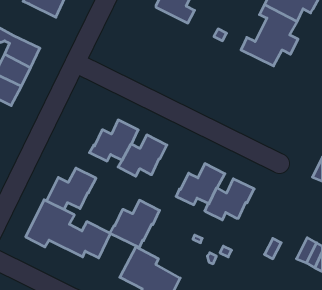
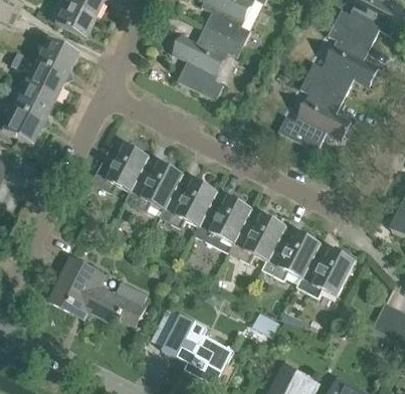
building: none -> [177,26,243,100]
building: none -> [35,36,78,75]
building: none -> [278,77,348,150]
building: [46,168,96,209] -> [91,144,151,193]
building: none -> [297,248,358,298]
building: [110,200,160,247] -> [194,196,253,252]

